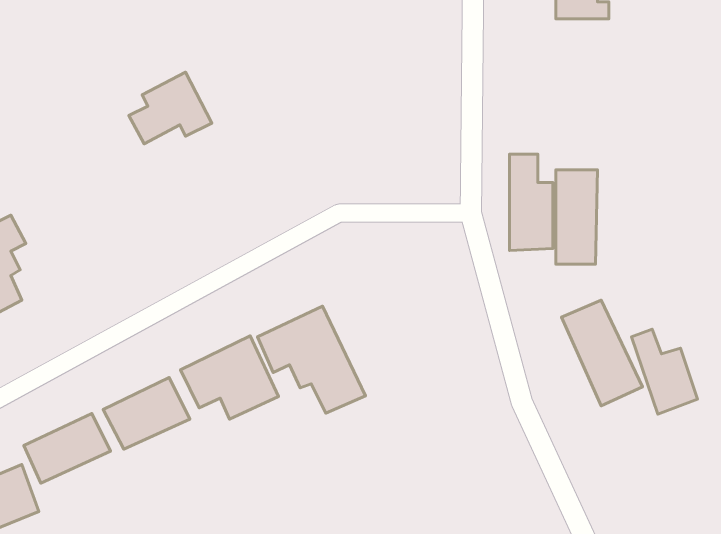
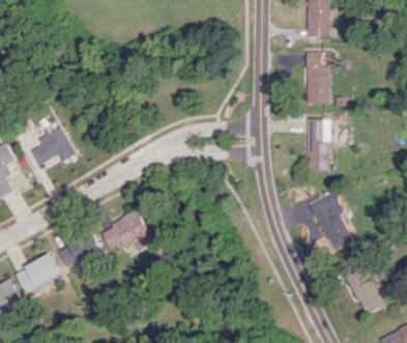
building: [129,72,212,144] -> [31,126,77,166]
building: [509,154,553,250] -> [306,51,329,104]
building: [257,306,366,413] -> none
building: [631,329,697,414] -> [347,267,383,314]

